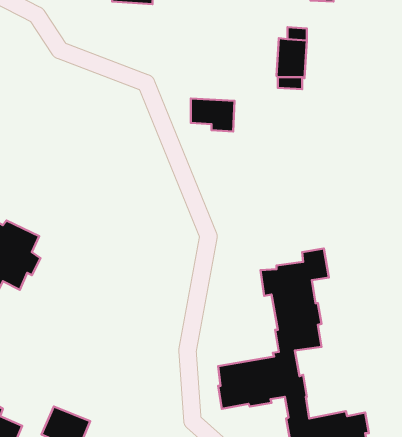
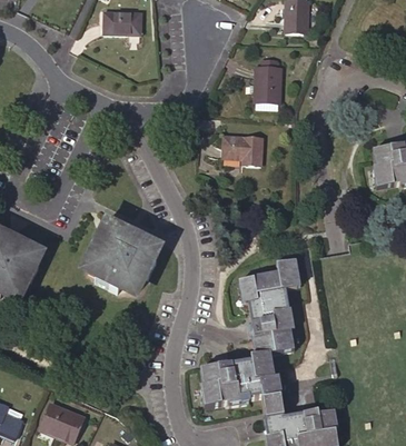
building: [191,99,234,131] -> [222,135,263,165]
building: none -> [87,224,156,293]

